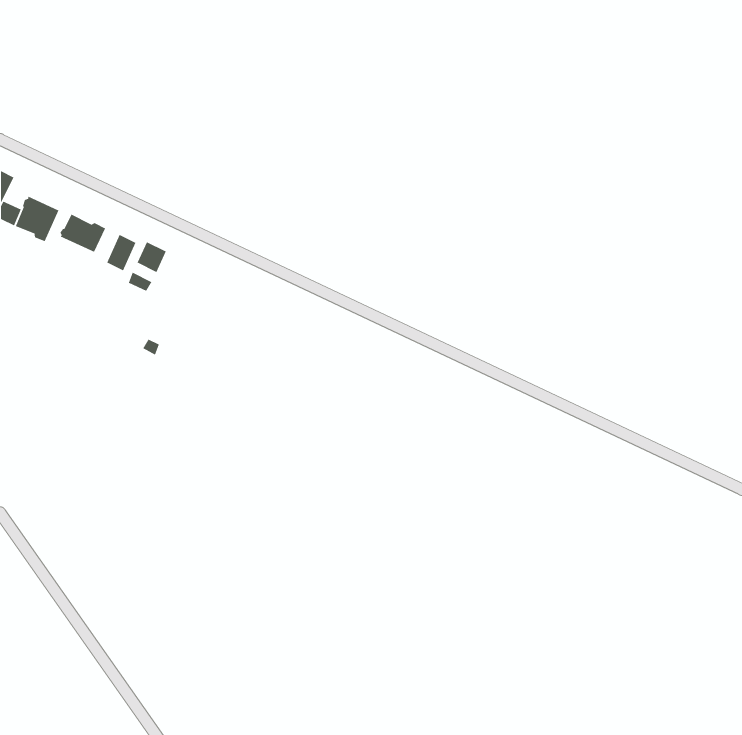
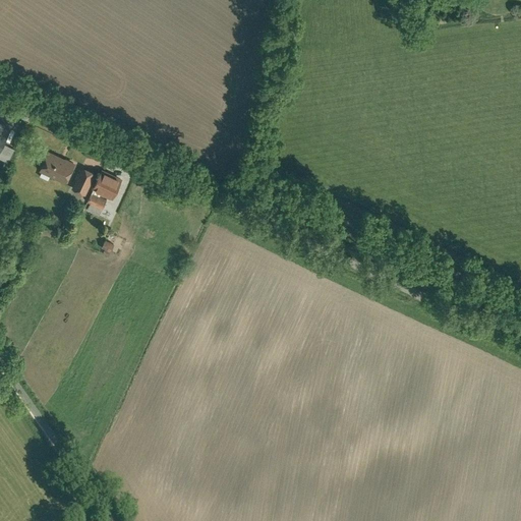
building: [15,196,59,242] -> none

